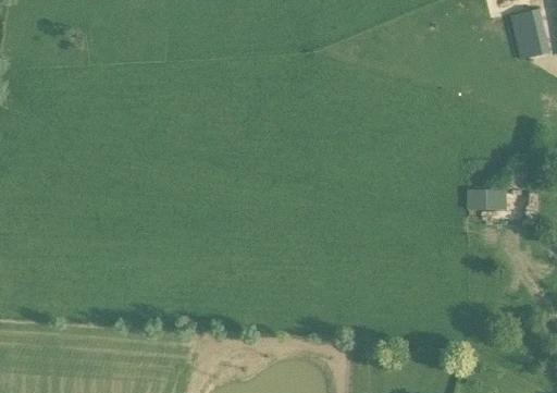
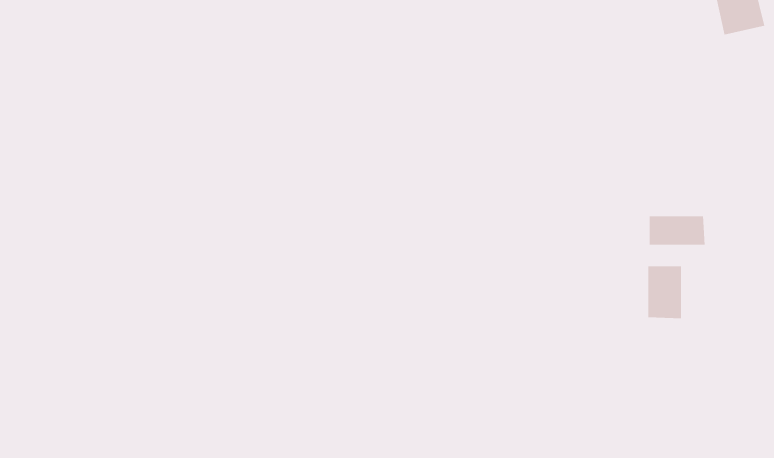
building: none -> [648,266,681,319]

